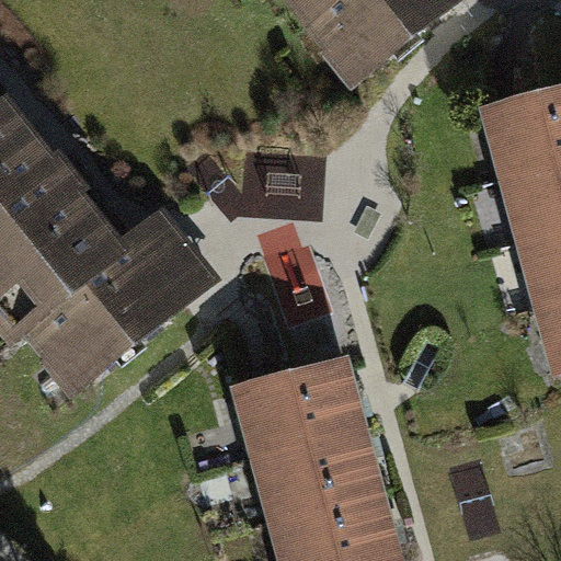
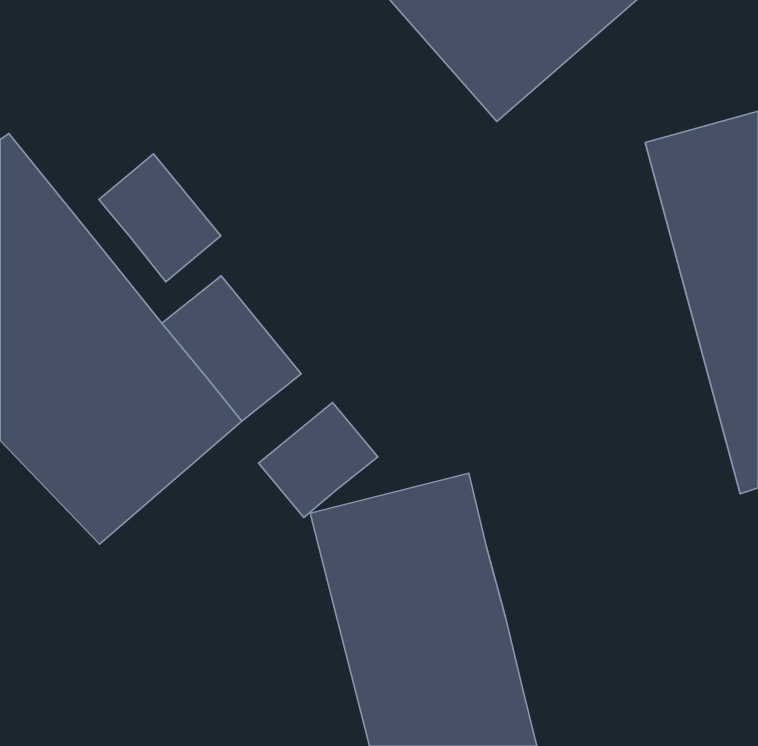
building: none -> [99,154,221,282]
building: none -> [258,402,378,517]

